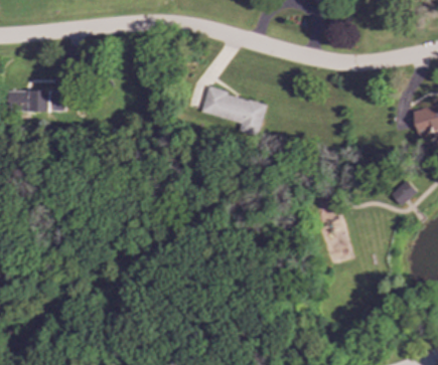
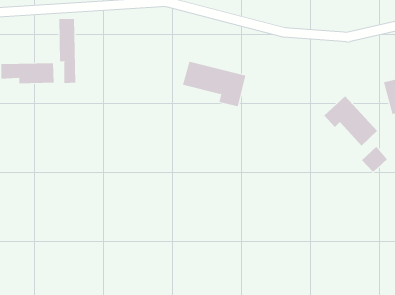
building: none -> [59,18,76,84]
building: none -> [324,96,378,146]

